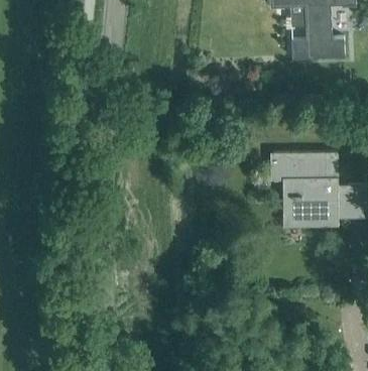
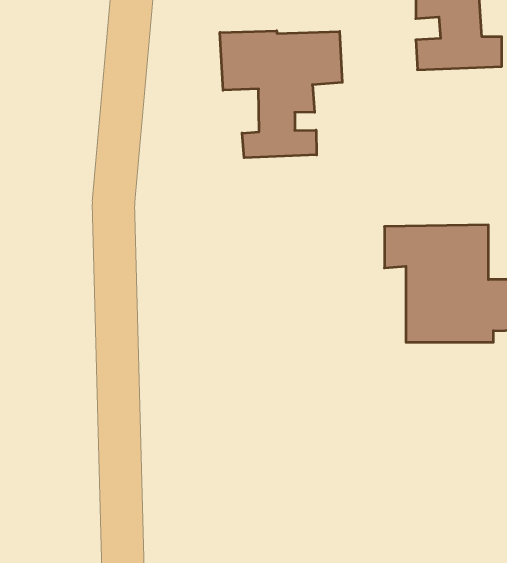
building: none -> [220,31,342,158]

